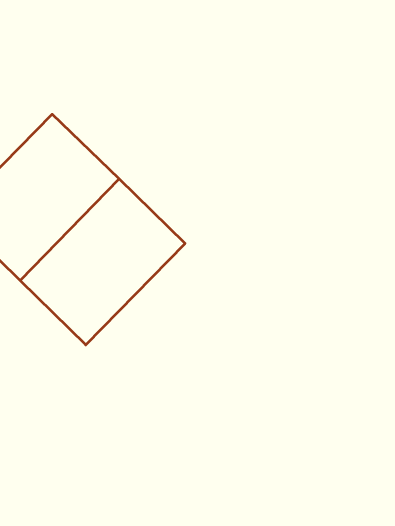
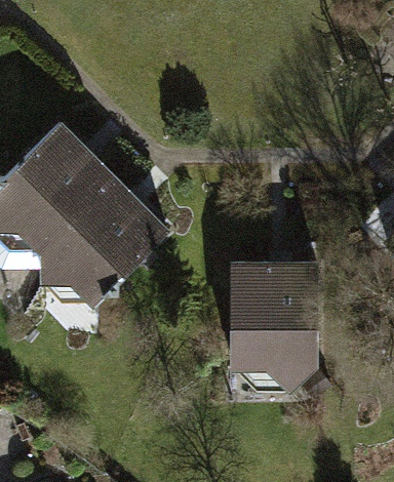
building: none -> [209,272,321,379]

